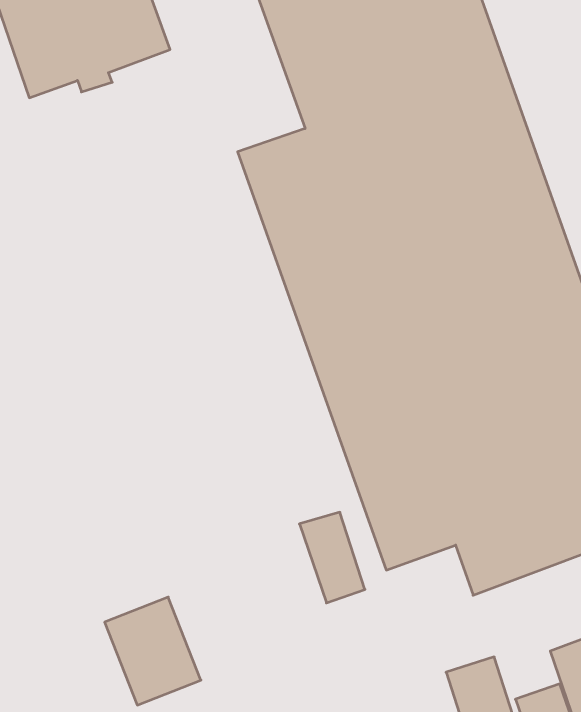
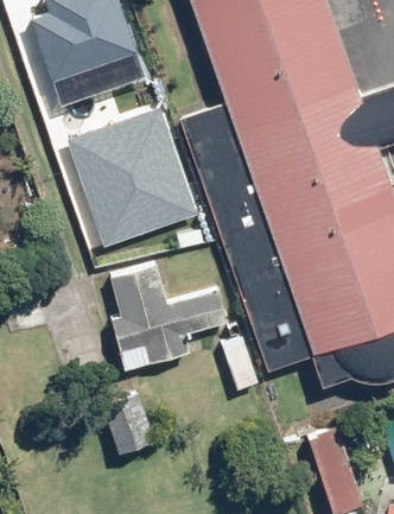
building: none -> [65,103,196,245]
building: none -> [108,266,229,375]

